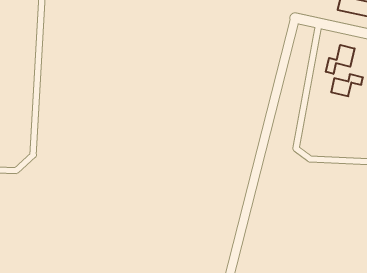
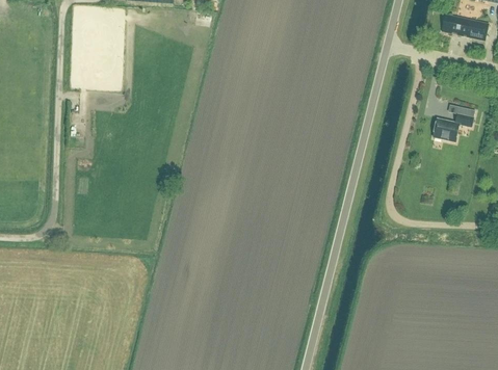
building: [326,45,355,74] -> none

